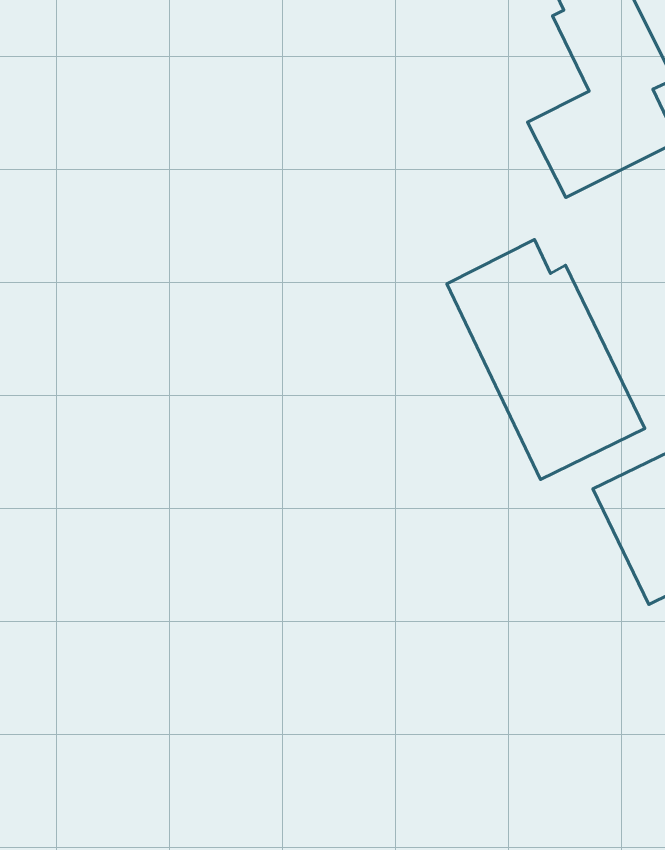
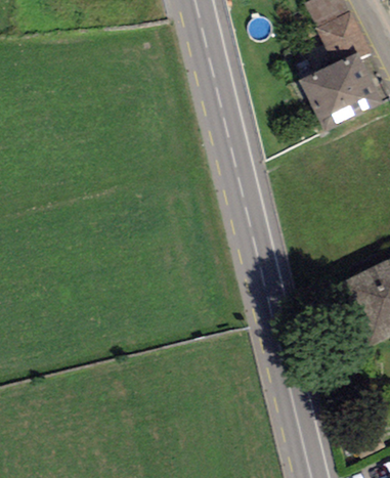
building: [447,239,645,479] -> none

